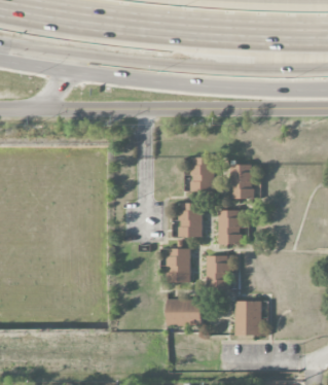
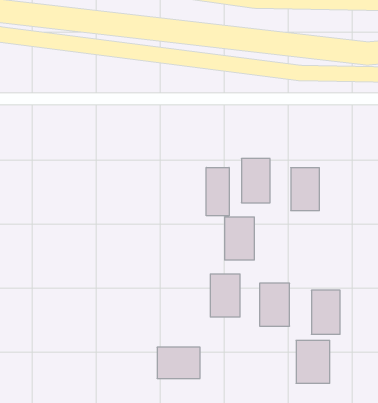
building: none -> [206,167,229,216]
building: [218,208,241,243] -> [311,290,340,334]
building: [167,299,201,323] -> [157,347,200,378]

